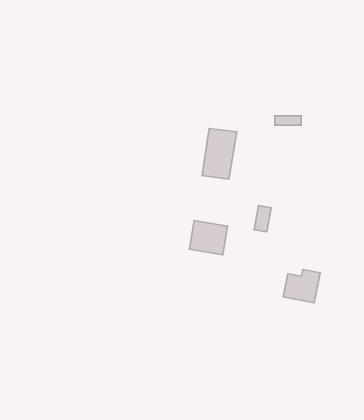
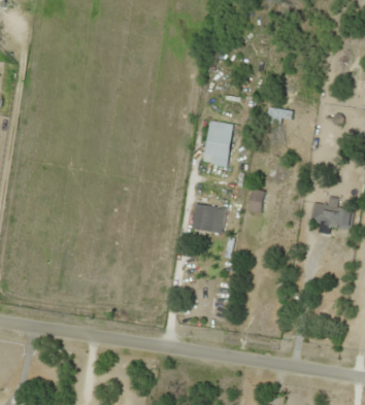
building: [283,269,320,303] -> [310,198,343,228]

